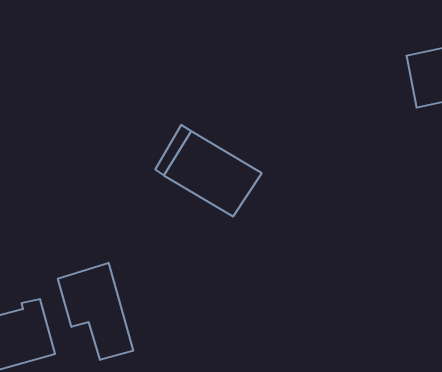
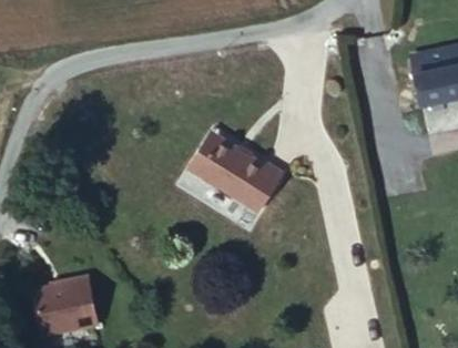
building: [58,263,133,360] -> none

